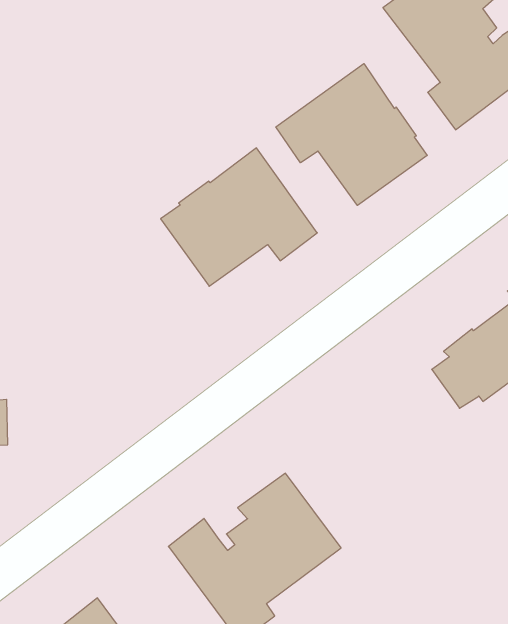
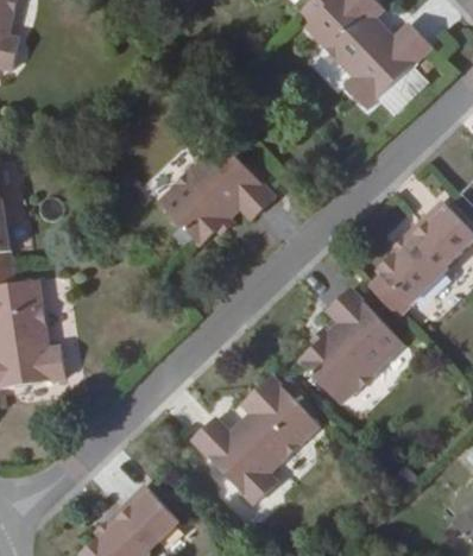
building: [276,64,427,205] -> none
building: none -> [297,289,403,404]

